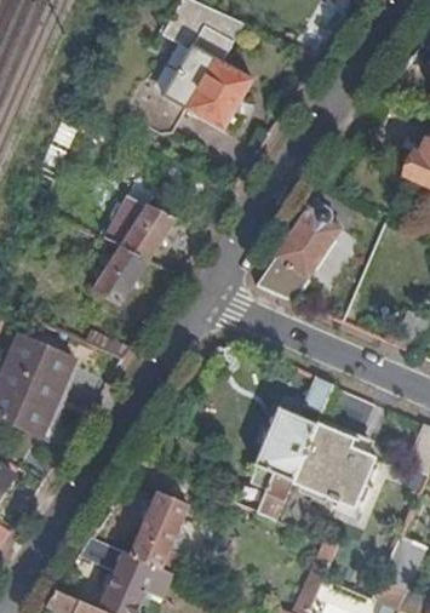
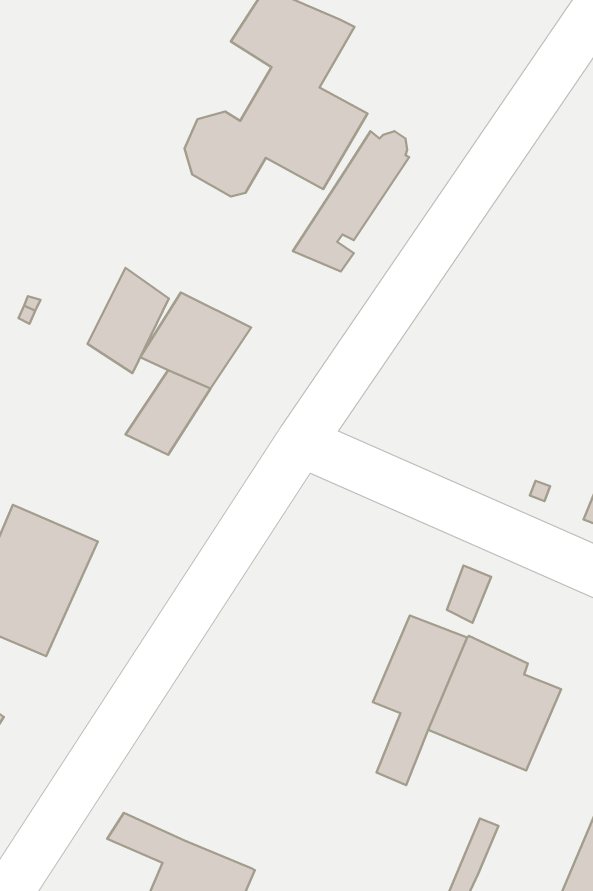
building: none -> [87,268,169,373]
building: [257,206,333,298] -> [293,131,409,271]
building: [131,492,188,573] -> none

